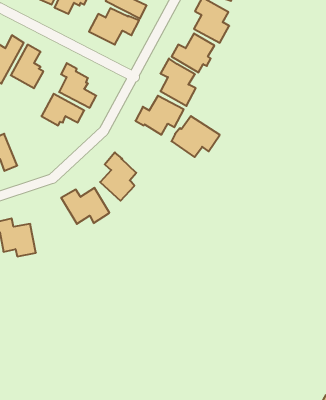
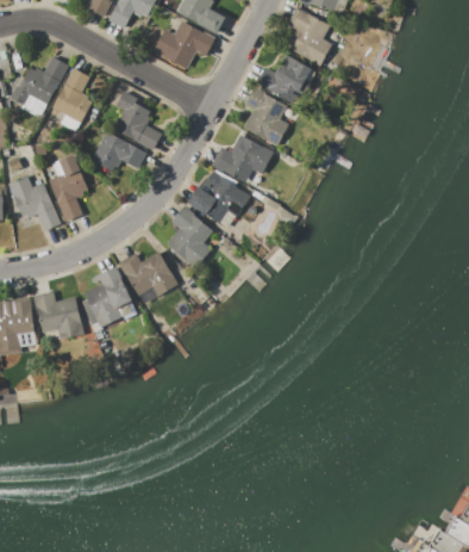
building: none -> [48,155,87,222]
building: [171,116,220,157] -> [188,172,250,224]
building: none -> [85,267,132,328]

